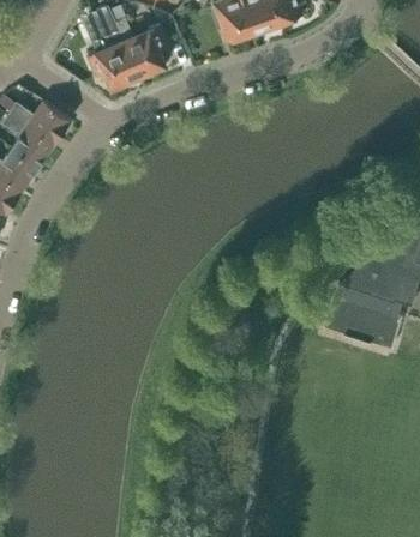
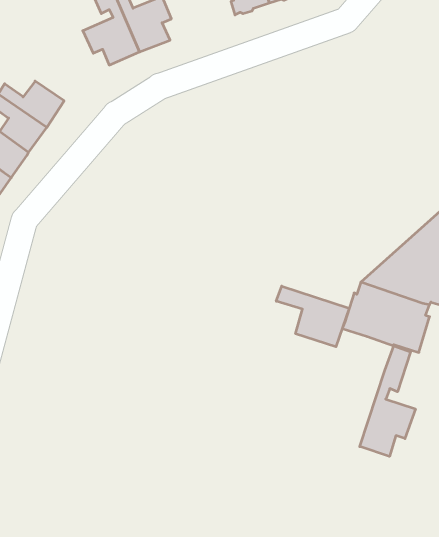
building: none -> [276,286,349,347]
building: none -> [360,346,415,456]

